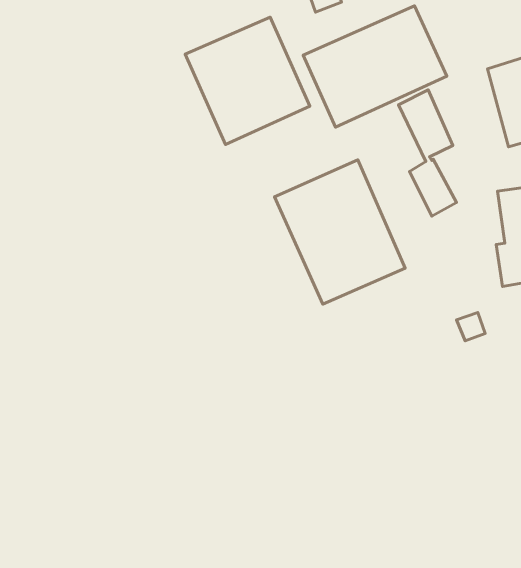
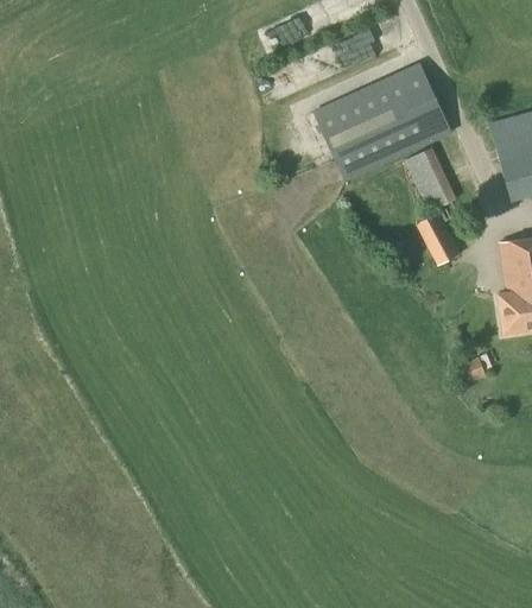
building: [185,17,310,144] -> none
building: [275,160,405,304] -> none

